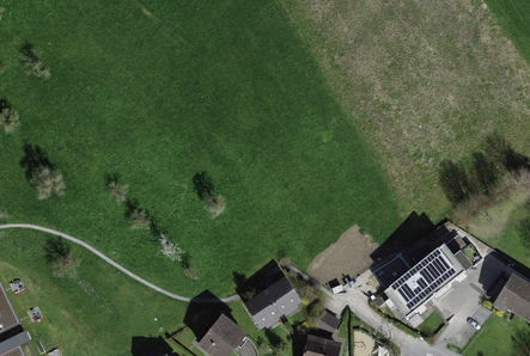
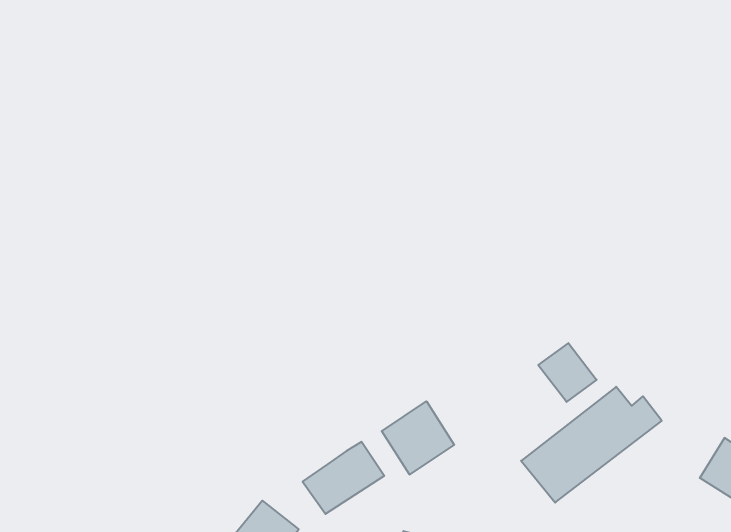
building: none -> [538,343,597,402]
building: none -> [382,401,454,475]

